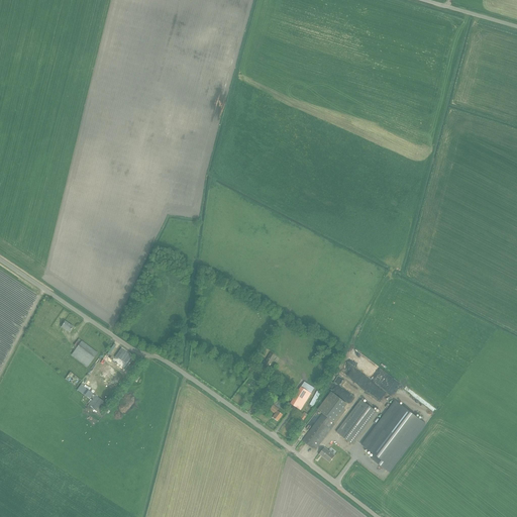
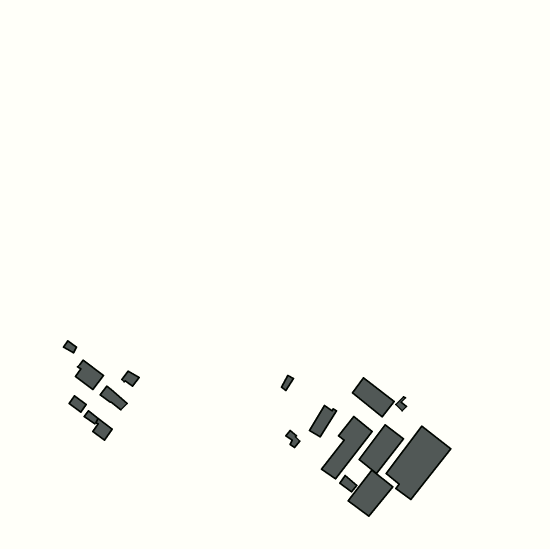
building: none -> [352,378,394,417]
building: none -> [348,470,393,516]

